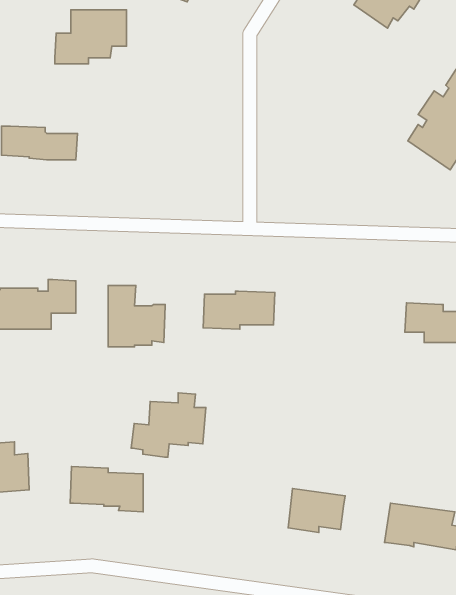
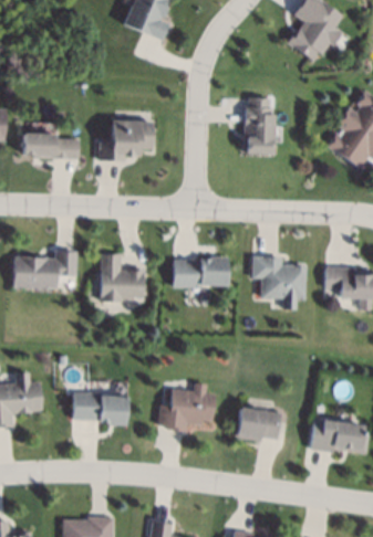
building: [55,10,126,64] -> [99,120,153,161]
building: none -> [244,96,271,154]
building: none -> [253,256,307,309]
building: [131,393,206,457] -> [159,382,216,431]

